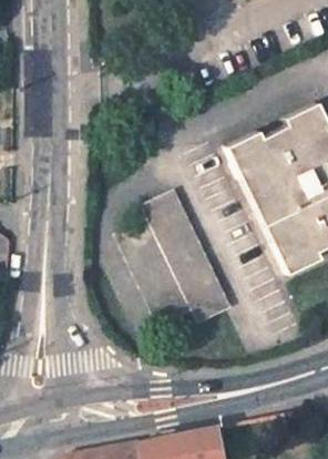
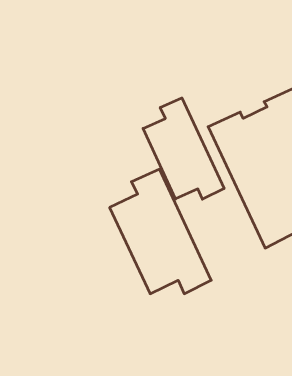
building: none -> [143,98,224,199]

